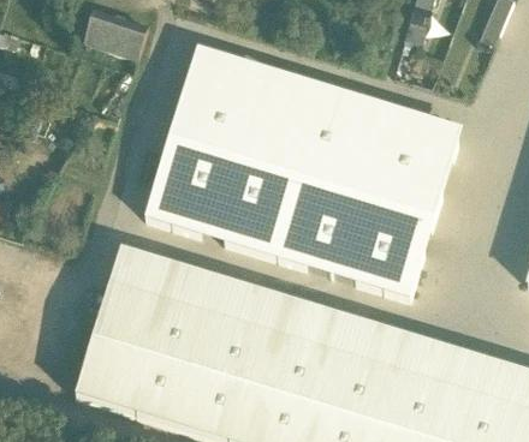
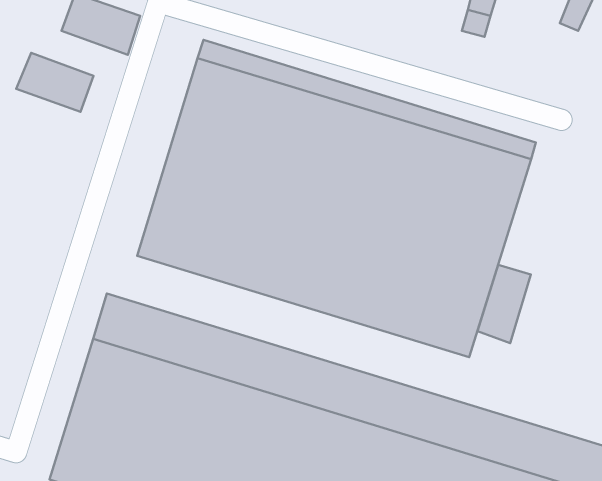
building: none -> [16,53,93,112]
building: none -> [477,265,531,343]

